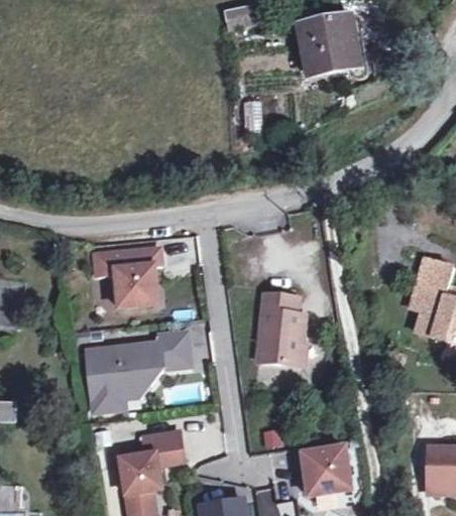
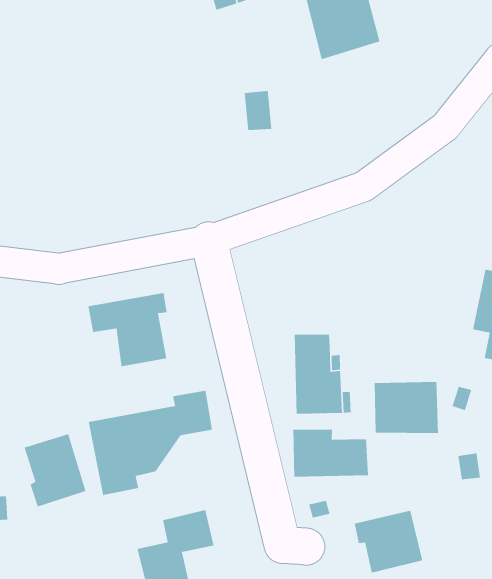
building: none -> [374,381,439,434]
building: none -> [23,433,86,507]
building: none -> [292,429,369,478]

